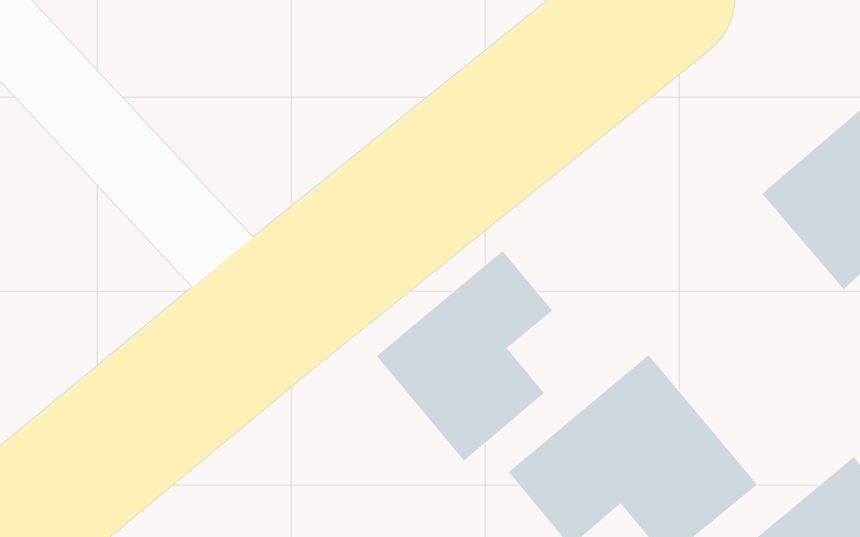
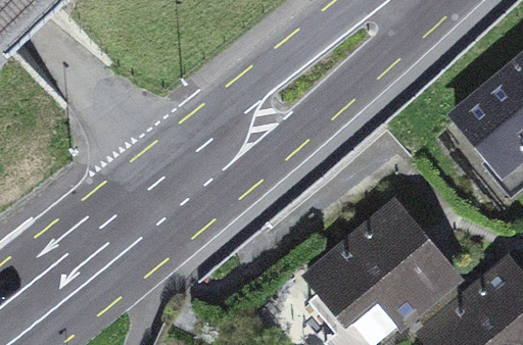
building: [376,250,553,461] -> none

